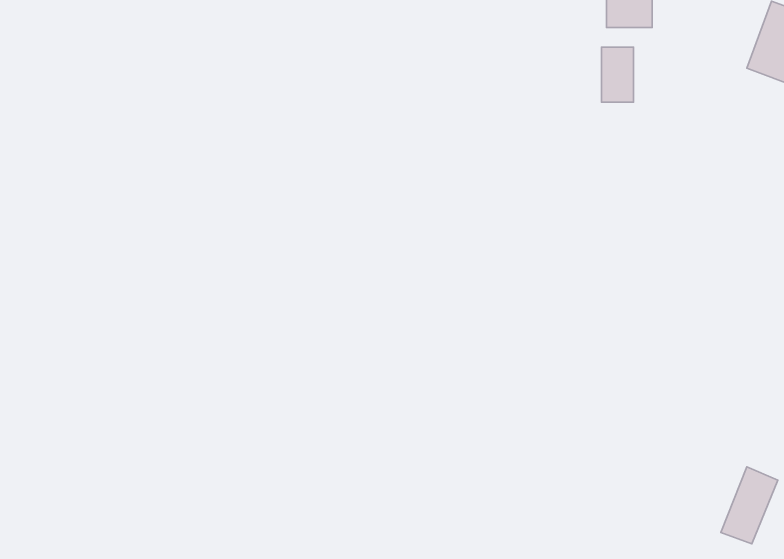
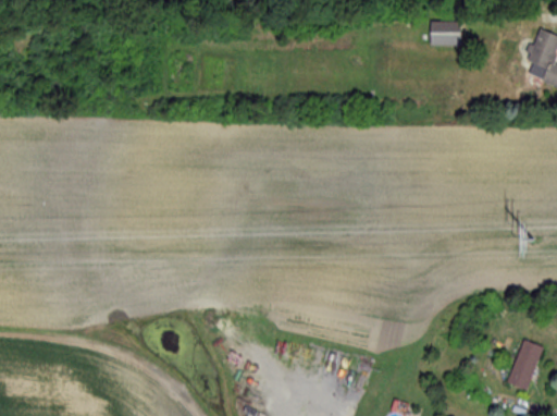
building: [601,47,633,102] -> none

